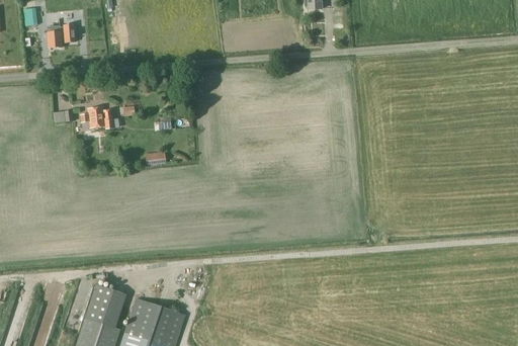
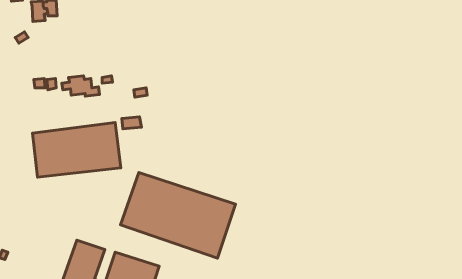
building: none -> [32,123,121,177]
building: none -> [121,172,235,258]

